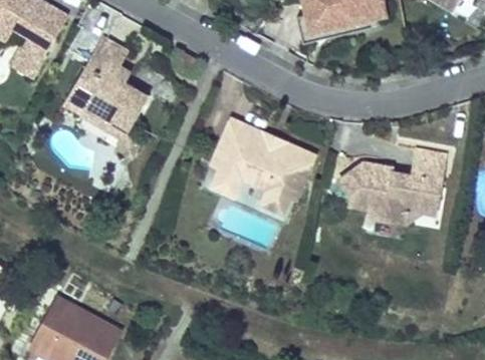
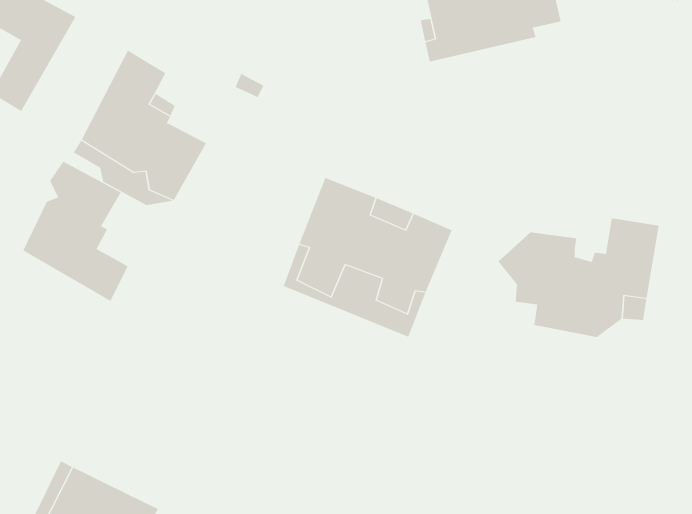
building: none -> [23,161,128,302]

